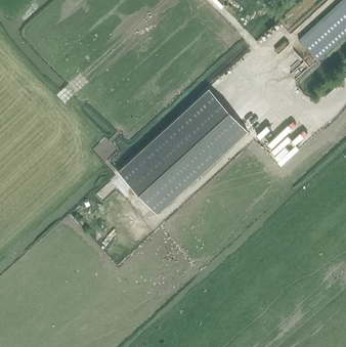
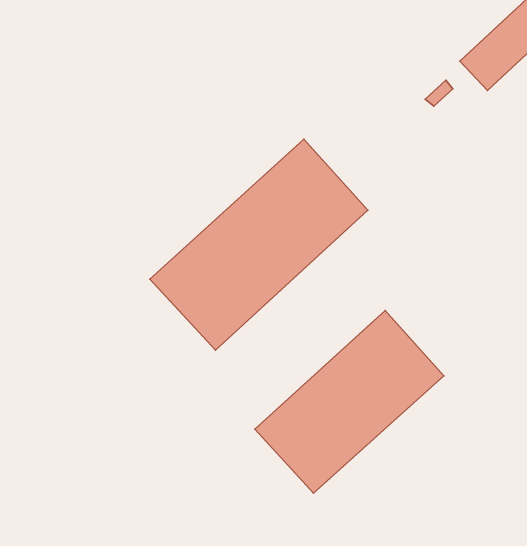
building: none -> [255,310,444,493]

